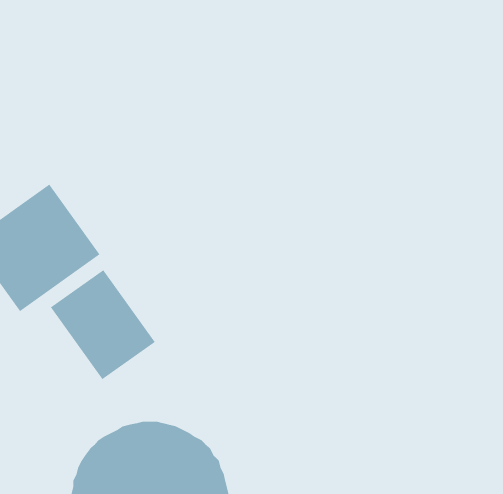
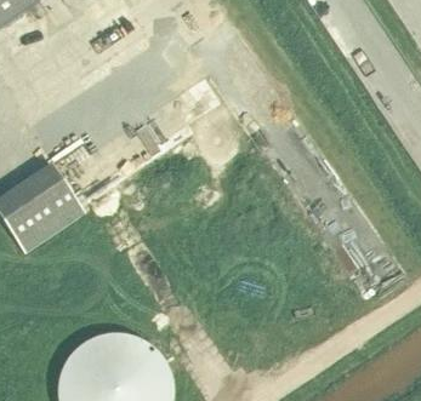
building: [50,269,156,380] -> none

